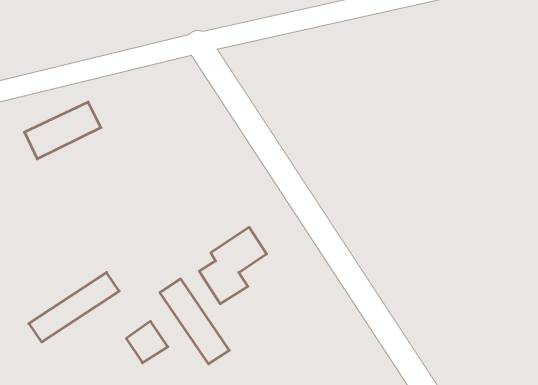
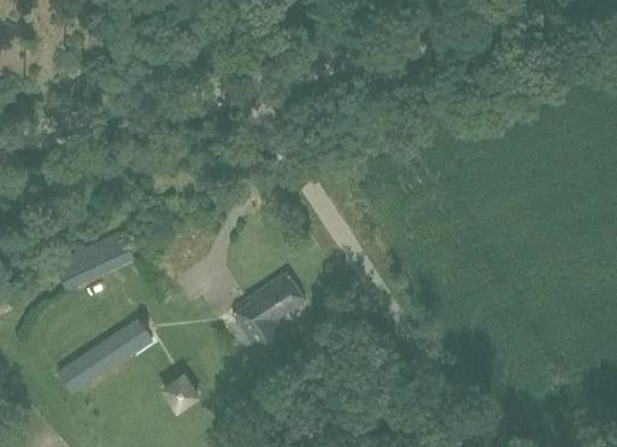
building: [24,102,101,159] -> [54,233,134,292]
building: [160,279,229,364] -> none

